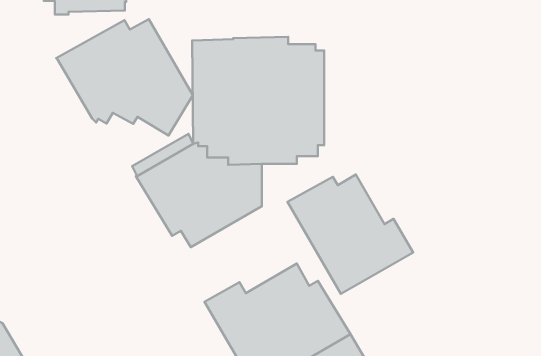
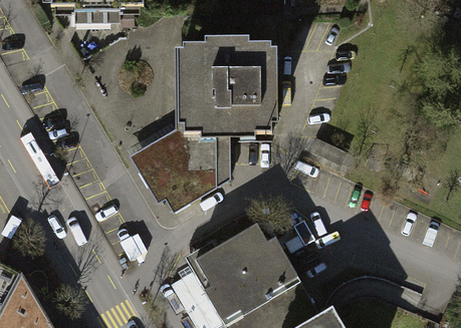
building: [56,19,193,135] -> none
building: [287,174,413,294] -> none

